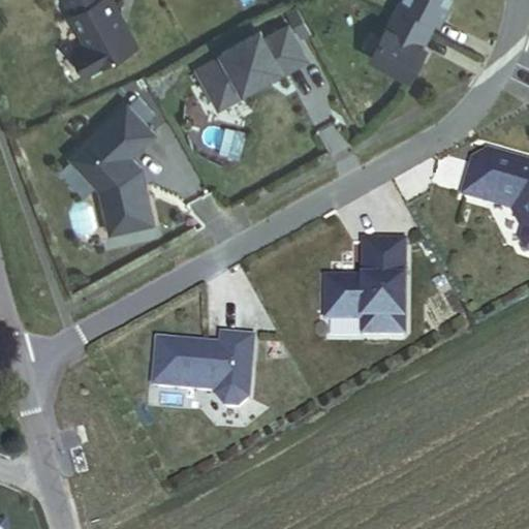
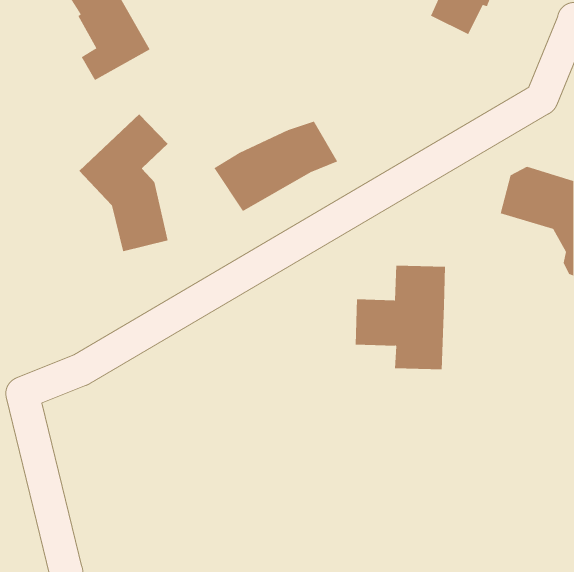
building: [373,14,431,79] -> none
building: [196,23,311,106] -> [213,121,338,212]
building: [150,341,249,413] -> none

